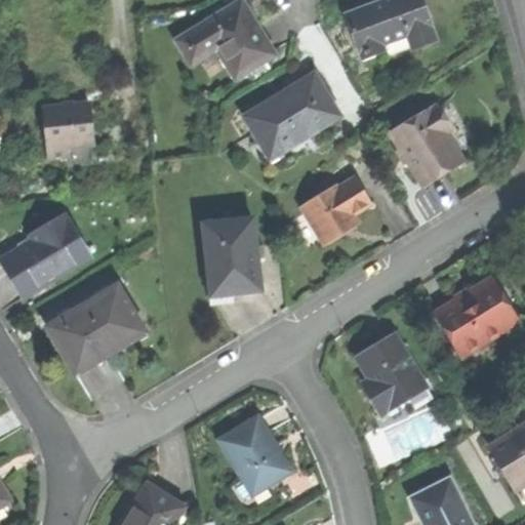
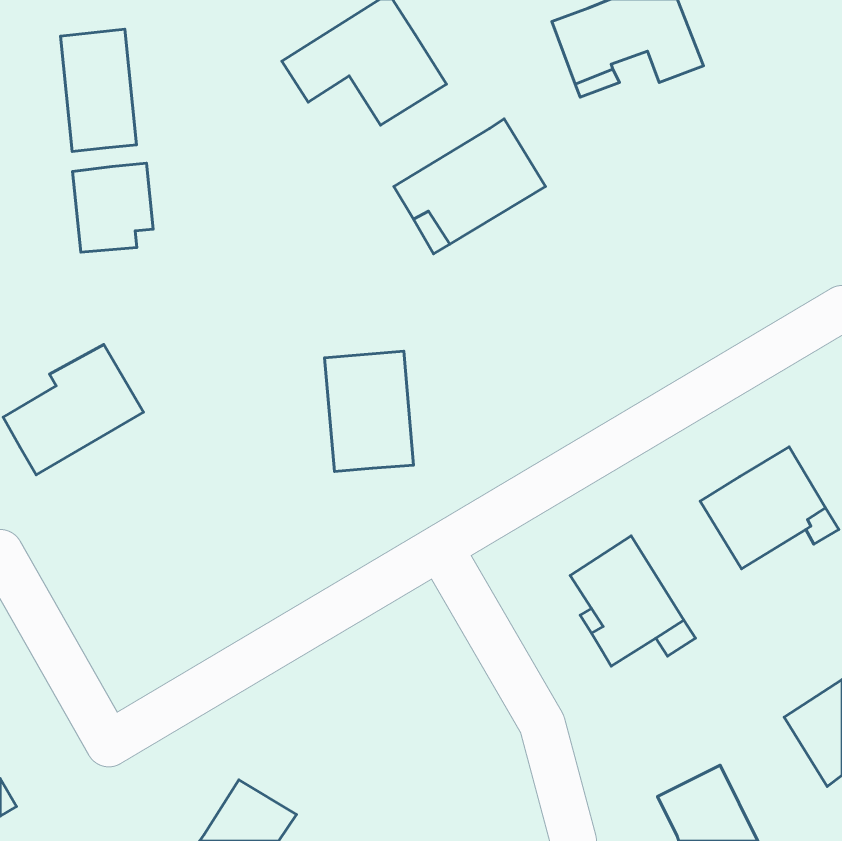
building: none -> [60,29,136,152]
building: [391,108,462,186] -> none
building: [290,183,359,245] -> none
building: [45,287,143,373] -> none
building: [219,415,290,492] -> none

